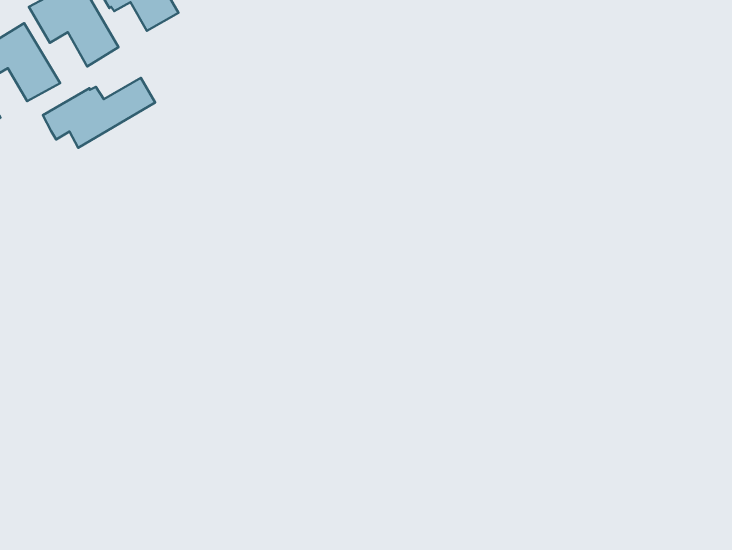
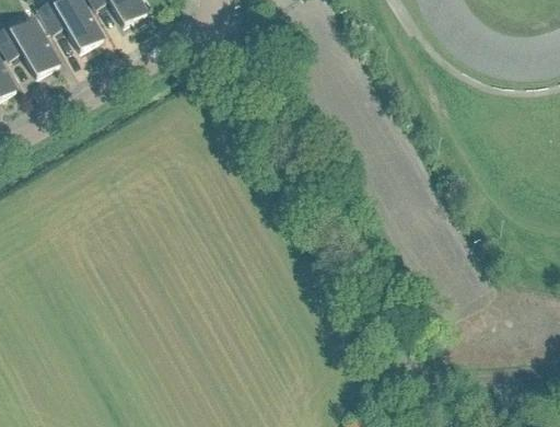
building: [43,78,155,148] -> none

